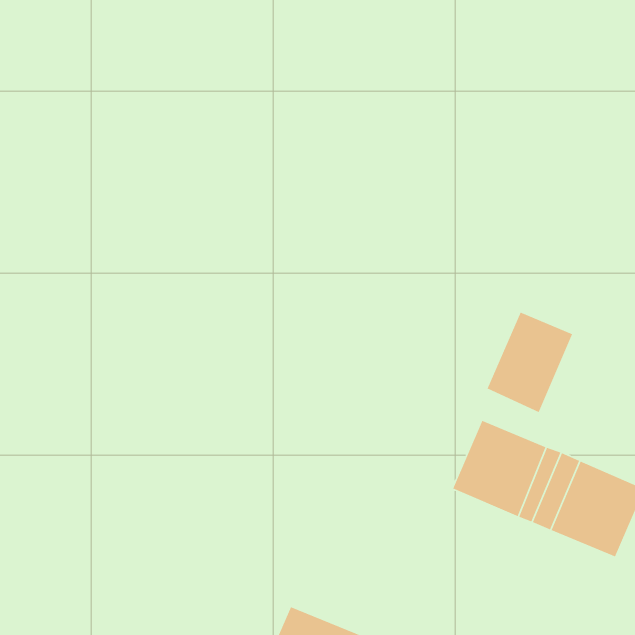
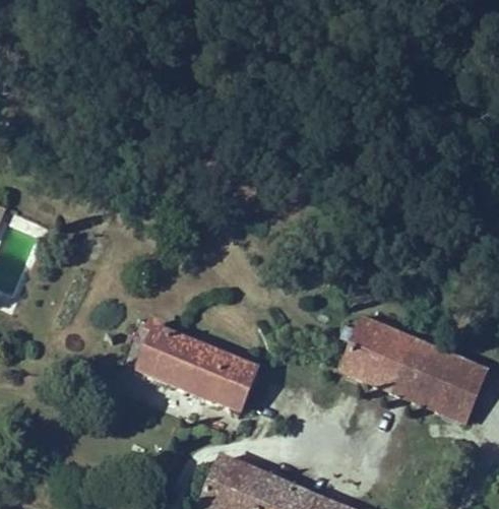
building: [487,311,573,413] -> none
building: none -> [139,318,258,410]

